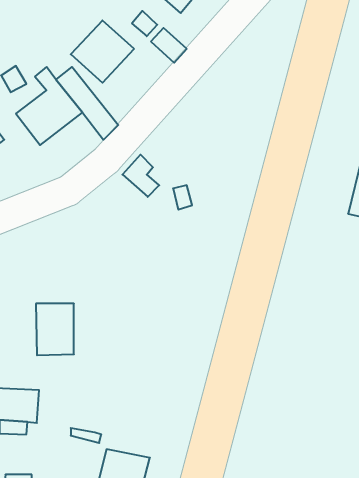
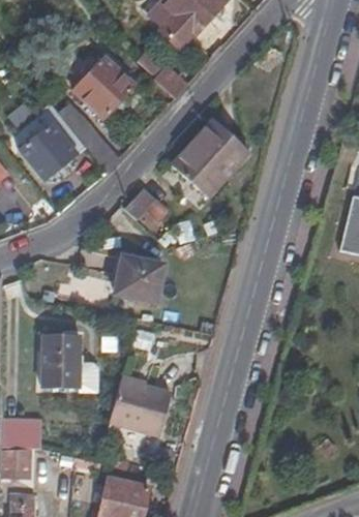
building: none -> [171,119,250,199]
building: none -> [117,255,166,299]
building: none -> [109,374,171,435]

